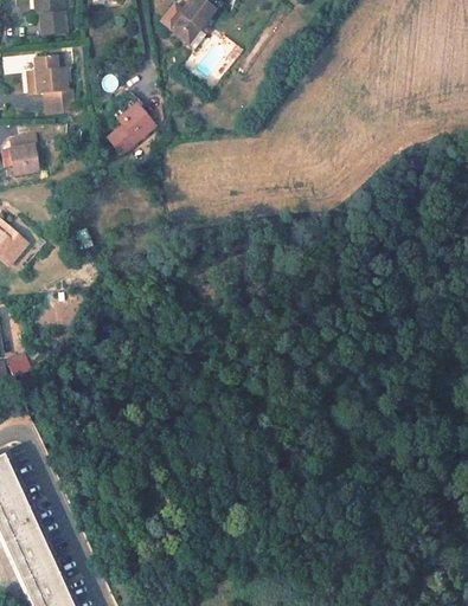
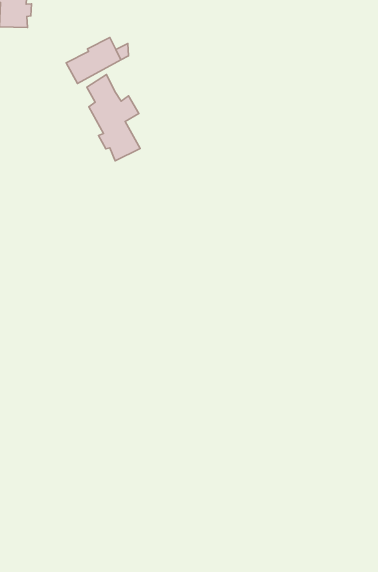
building: none -> [87,74,140,161]

